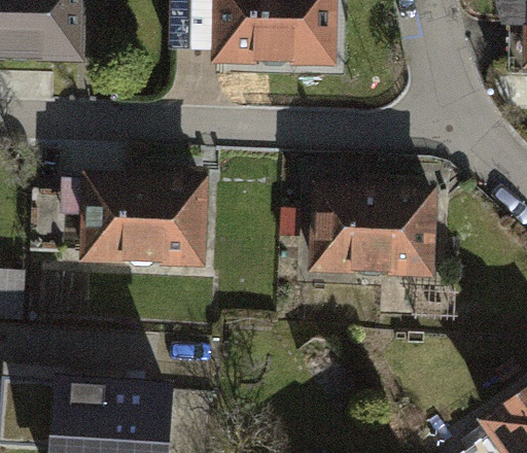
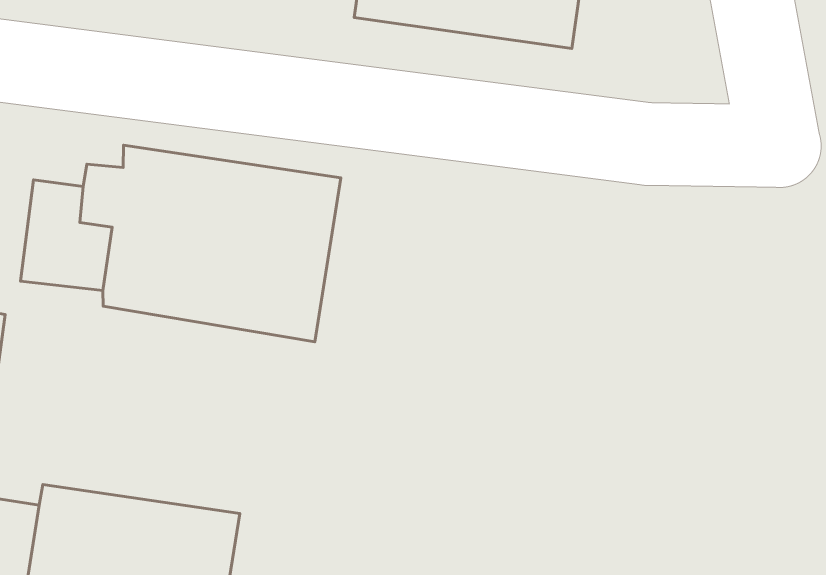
building: [308,178,441,275] -> none

